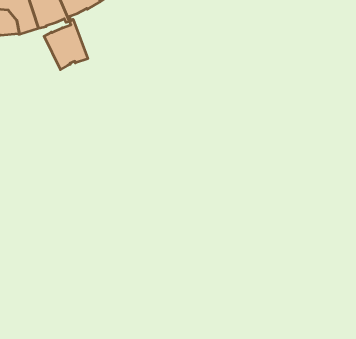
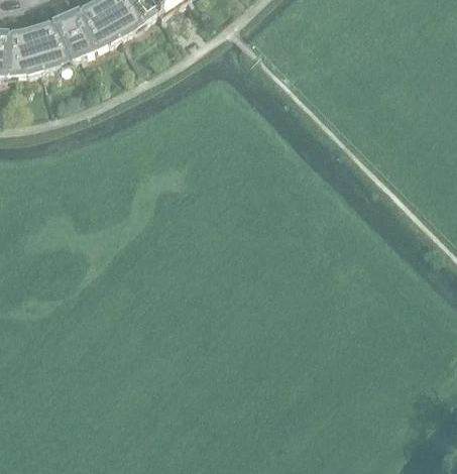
building: [44,19,88,70] -> none

